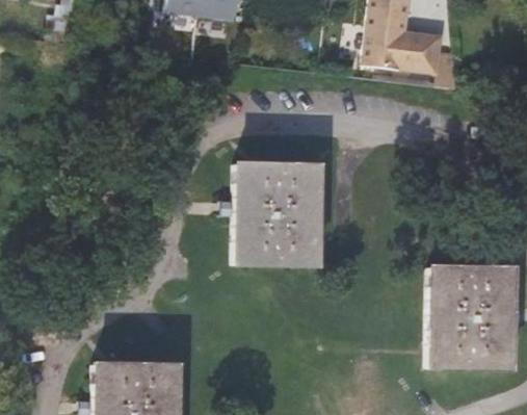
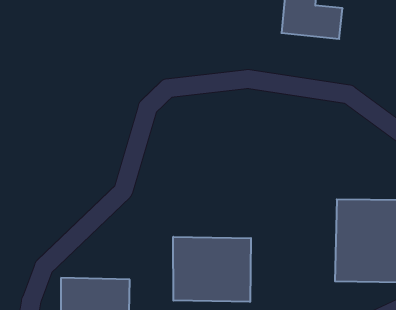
building: [237,162,321,263] -> none
building: none -> [173,237,251,302]

